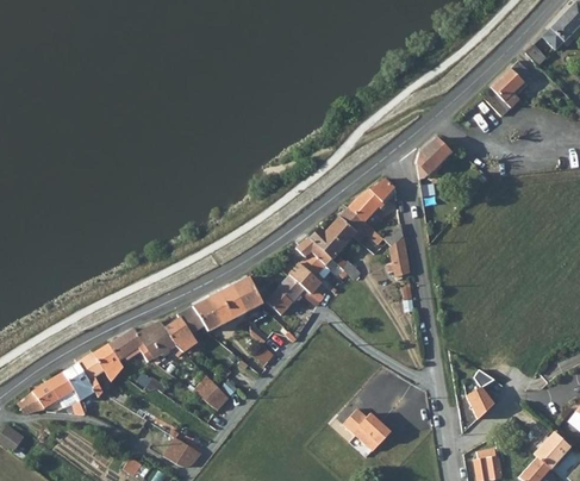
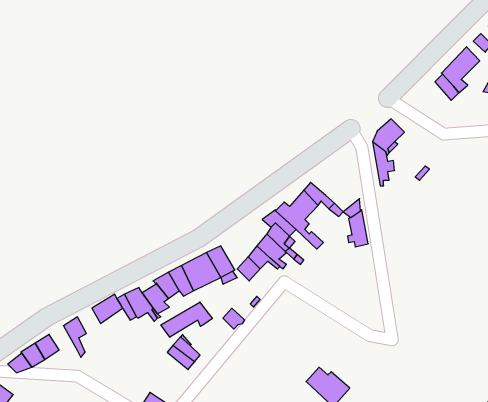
building: [348,179,395,221] -> none
building: none -> [161,302,212,337]
building: [94,344,123,382] -> none
building: [63,363,94,401] -> none
building: [467,387,501,419] -> none

